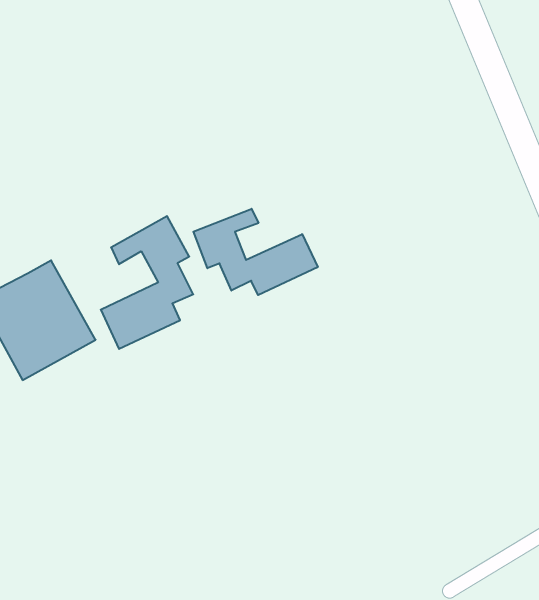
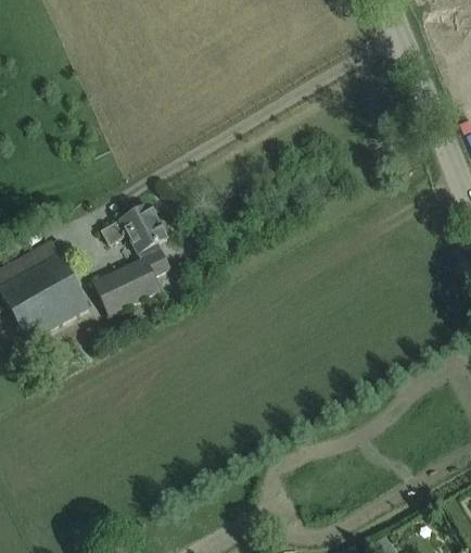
building: [193,209,318,295] -> none

